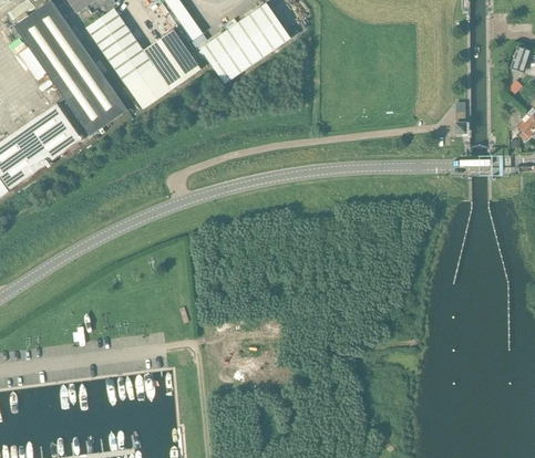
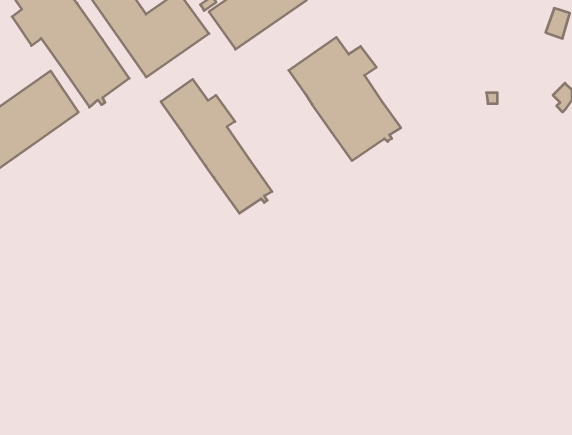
building: none -> [289,37,401,161]
building: none -> [161,79,272,213]

